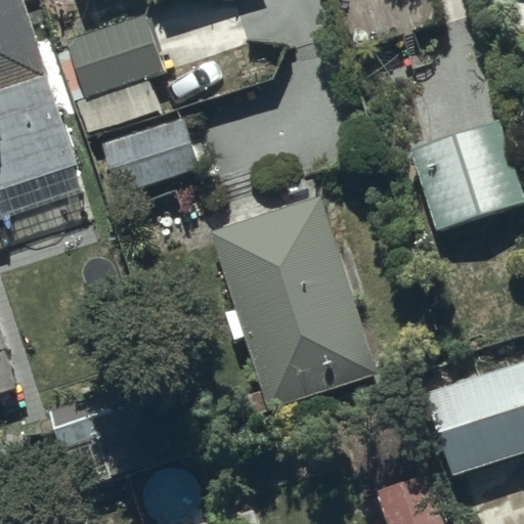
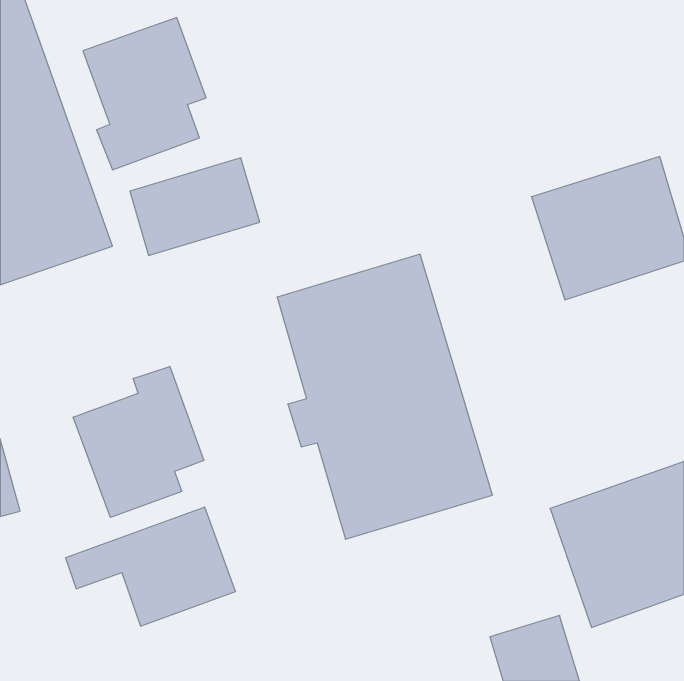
building: none -> [73,366,204,517]

